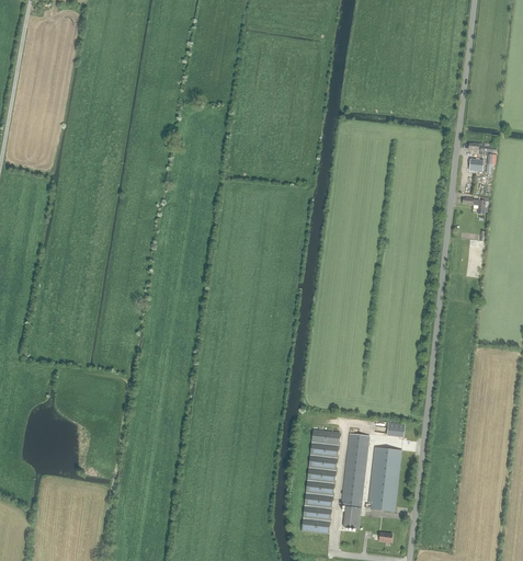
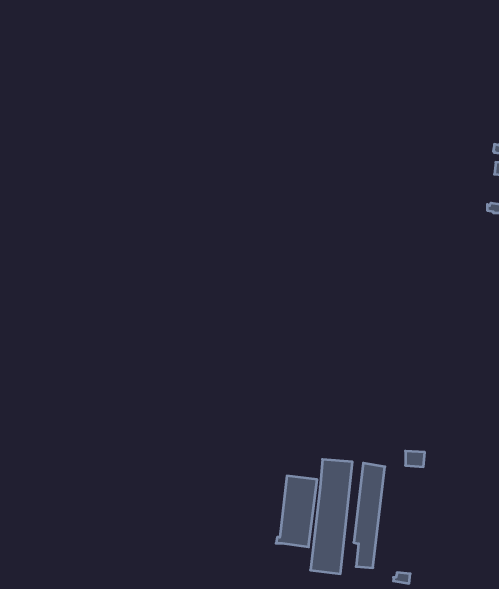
building: [365,446,402,511] -> [276,476,317,547]

